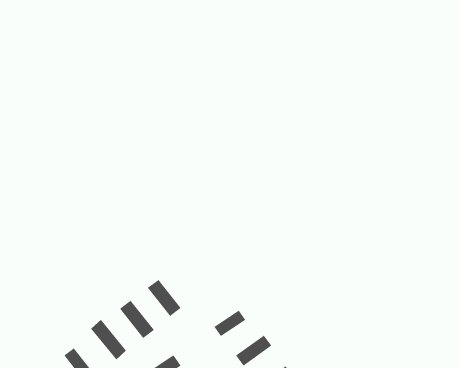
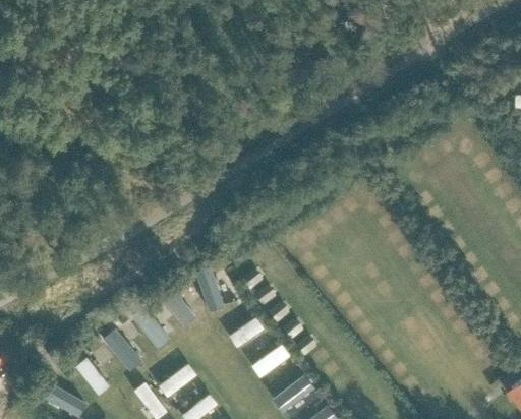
building: none -> [196,268,224,313]

